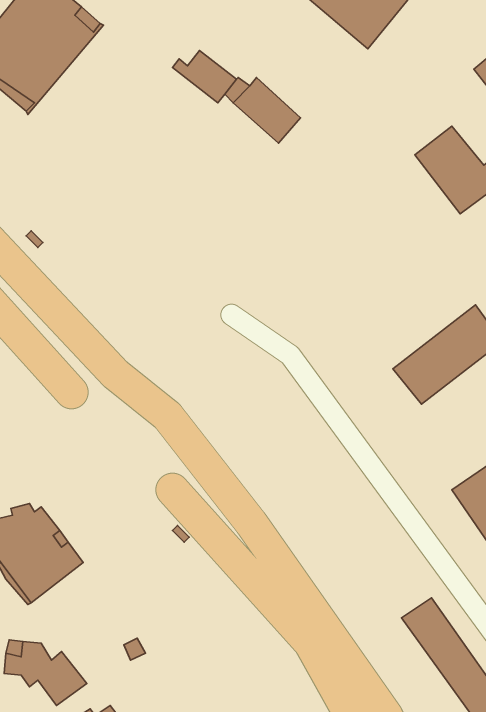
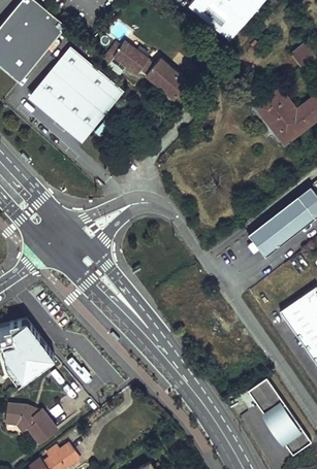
building: none -> [32,49,123,139]

